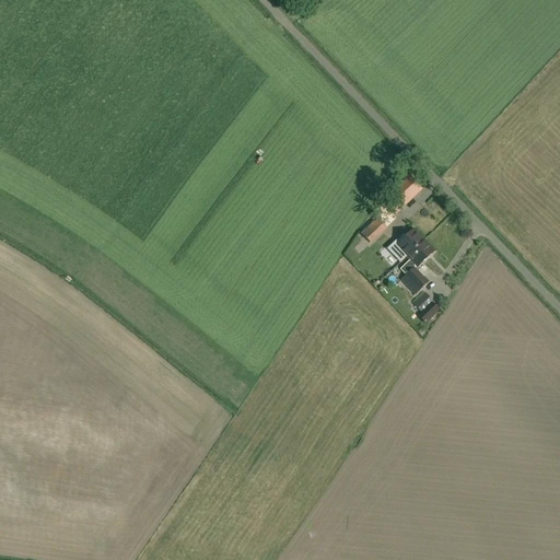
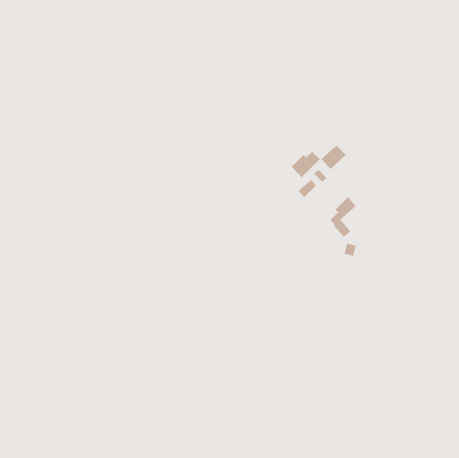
building: [388,229,424,261] -> [291,151,320,178]

